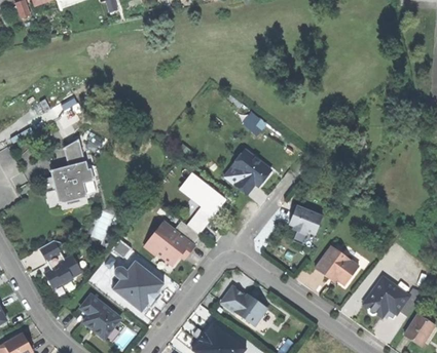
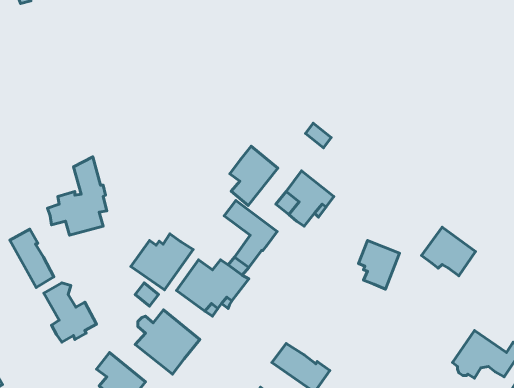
building: none -> [230,146,278,206]
building: none -> [10,229,54,287]
building: none -> [131,234,193,290]
building: [316,245,359,284] -> [421,227,476,276]

